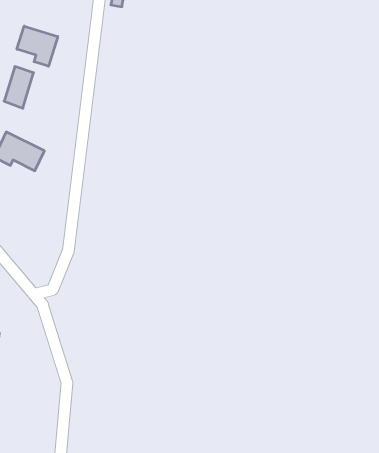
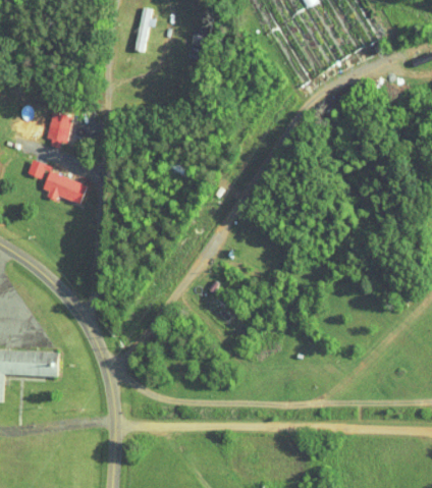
building: [17,26,58,66] -> none

